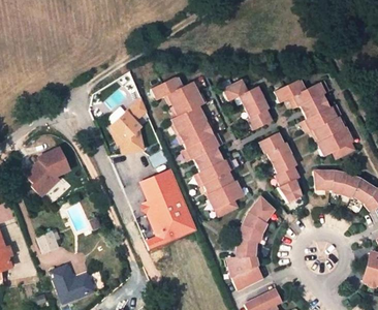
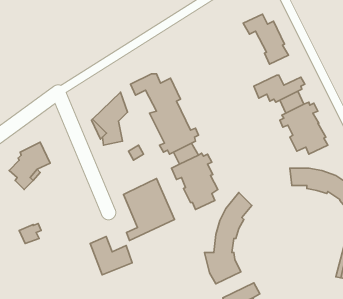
building: [228,78,275,129] -> [243,14,288,64]
building: [261,132,303,204] -> none
building: [139,165,178,199] -> none
building: [50,265,93,304] -> [90,237,132,275]

